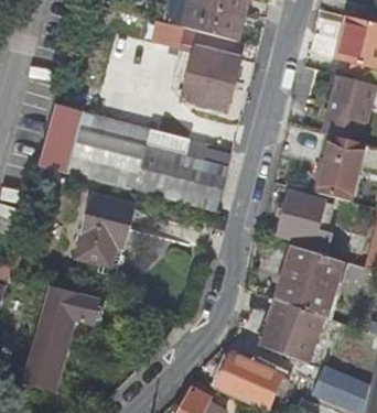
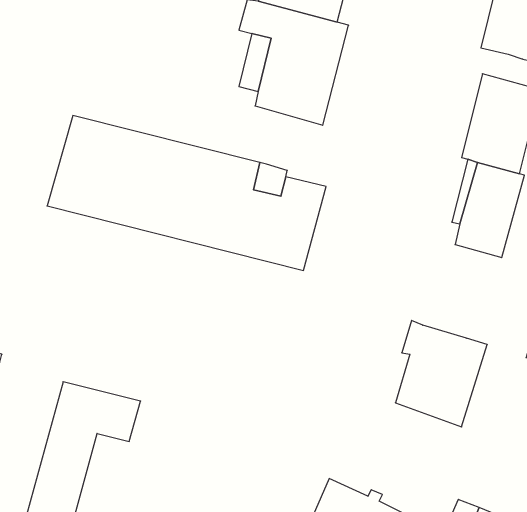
building: [278,191,334,256] -> none
building: [77,194,133,264] -> none
building: [259,300,323,362] -> none

